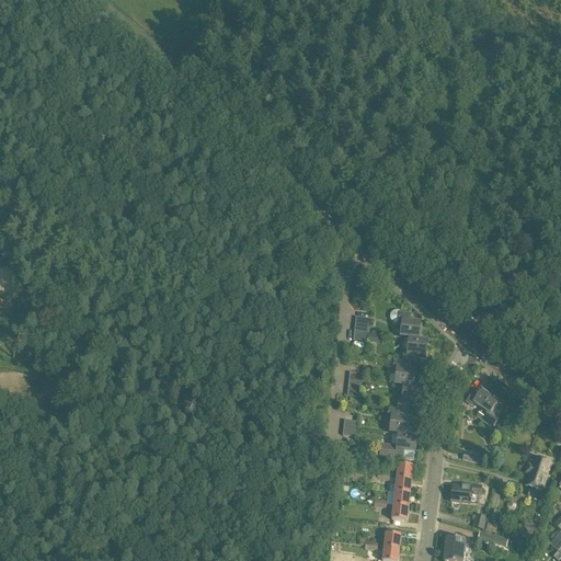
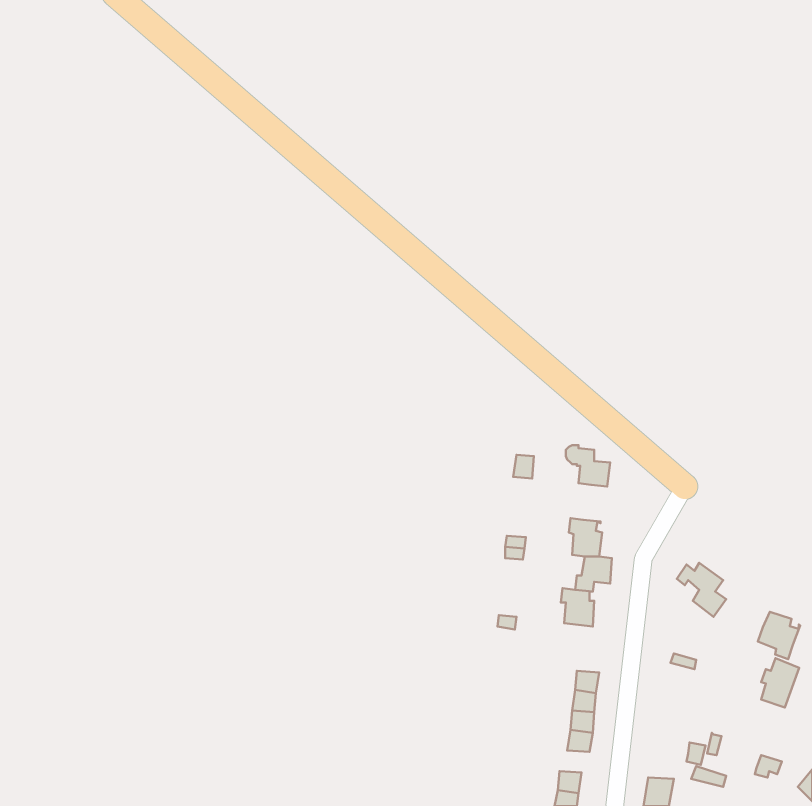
building: [402,334,427,359] -> none
building: none -> [758,612,800,659]
building: [379,430,416,457] -> none
building: [451,481,481,502] -> none

